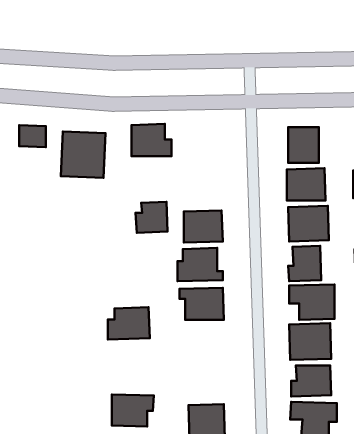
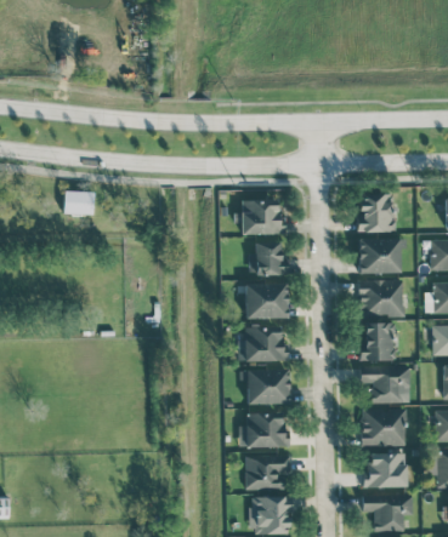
building: [132,124,171,156] -> [242,200,285,235]
building: [61,131,106,178] -> none
building: [136,202,168,233] -> [249,242,284,276]
building: [108,307,150,339] -> [239,413,285,449]
building: [112,394,154,426] -> [245,456,291,491]

